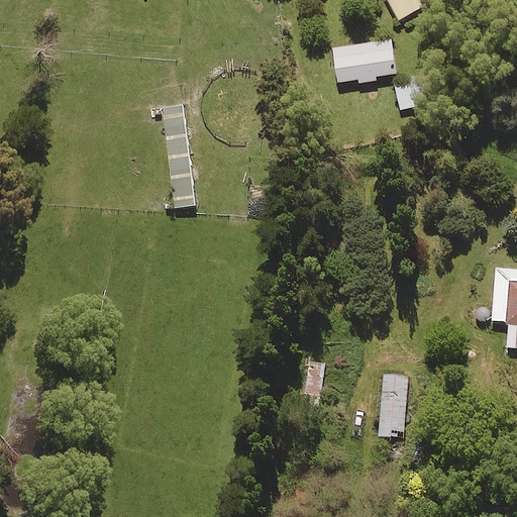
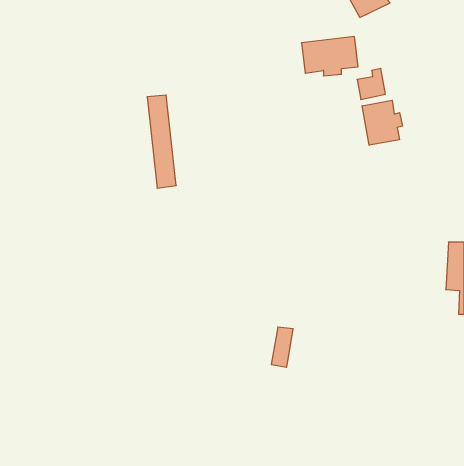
building: none -> [362,100,402,145]
building: [378,374,408,436] -> none

